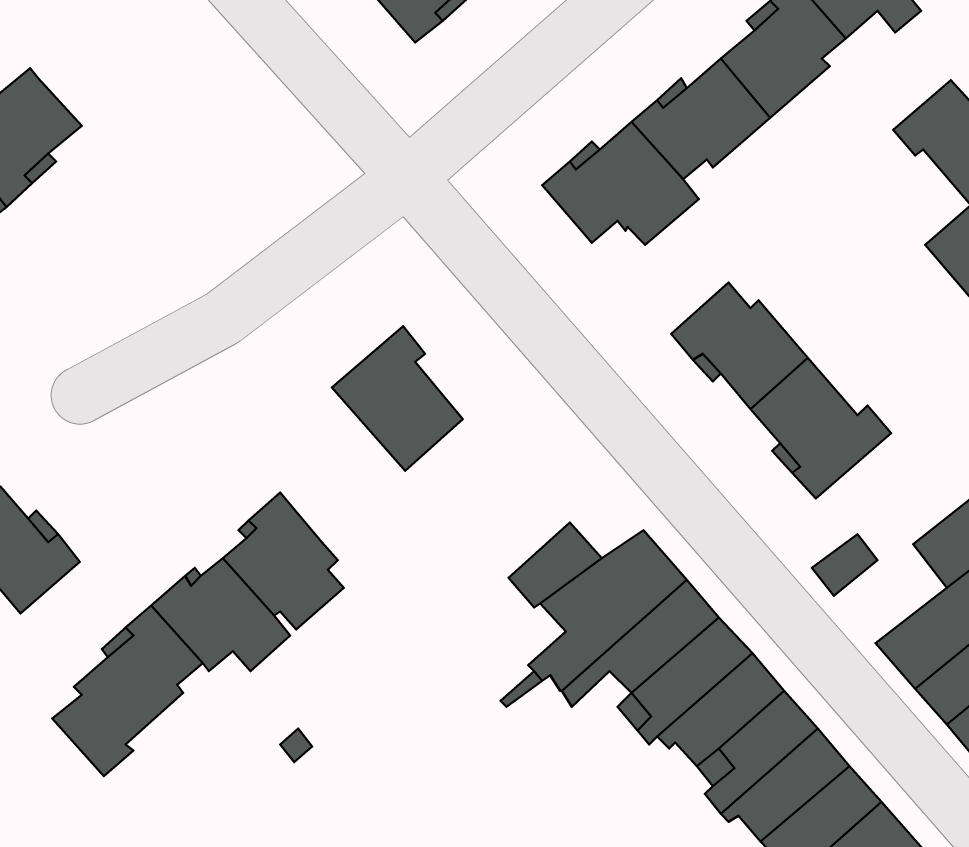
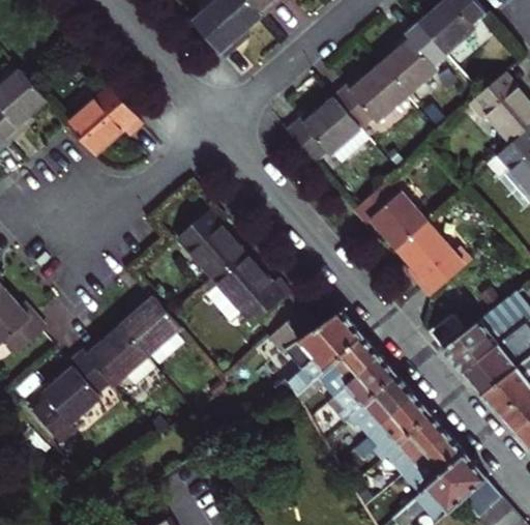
building: none -> [68,86,143,154]
building: none -> [207,254,290,323]
building: none -> [442,319,499,371]

